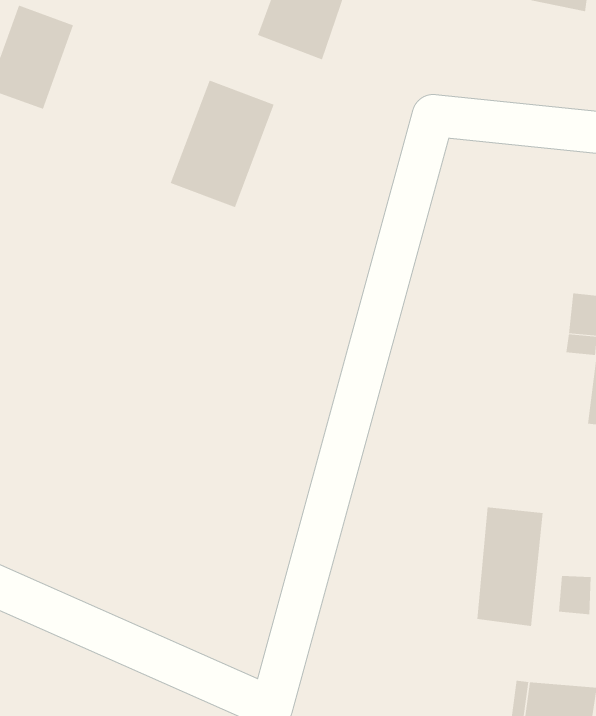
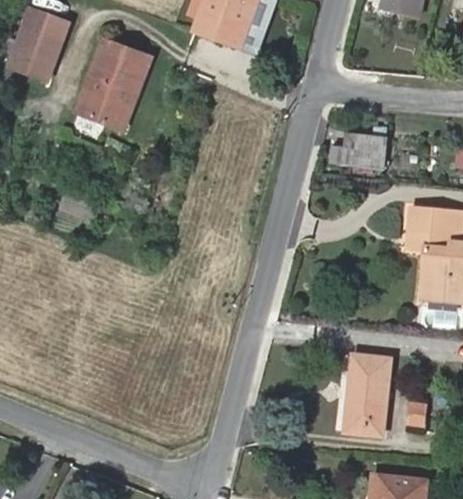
building: [170,80,275,208] -> [77,41,149,129]
building: none -> [330,134,385,166]

